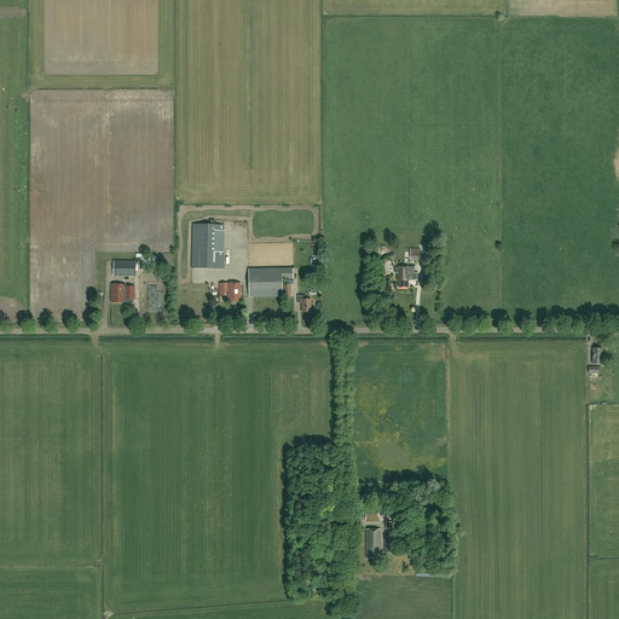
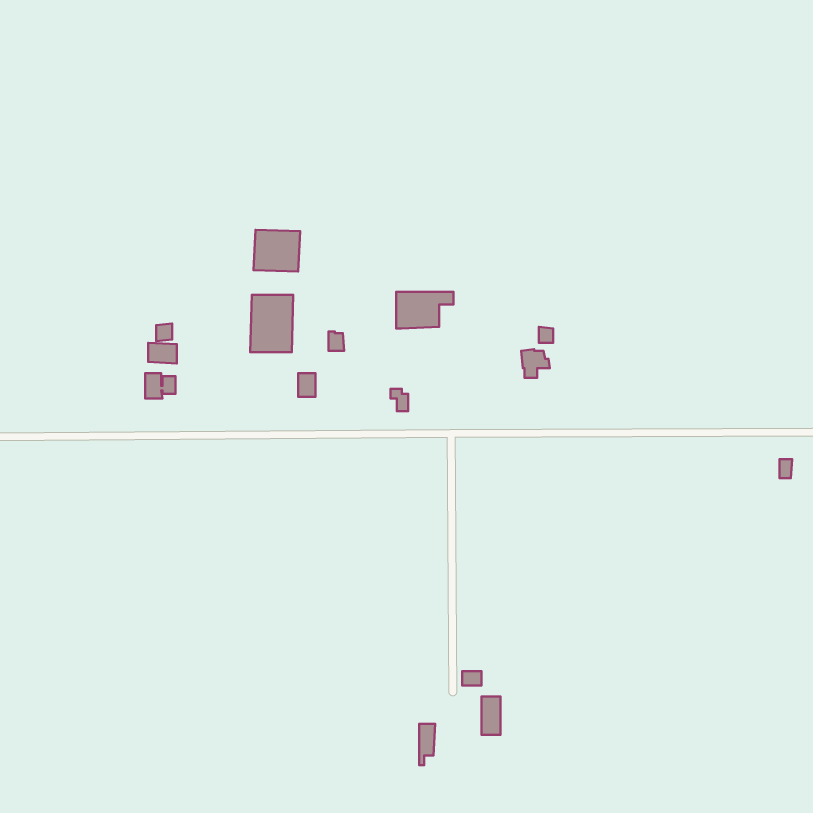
building: none -> [253,230,300,271]
building: [248,268,291,296] -> [396,292,454,328]

